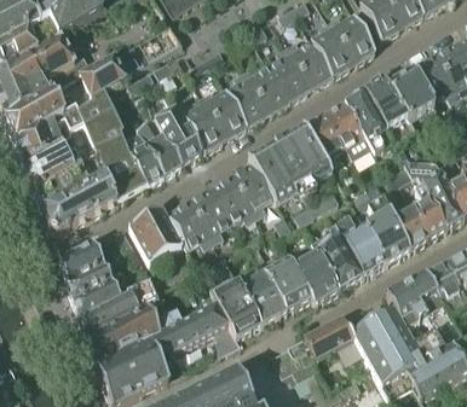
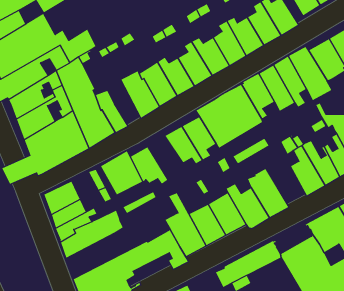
building: [138,117,181,175] -> none
building: [190,187,234,242] -> none
building: [336,217,387,275] -> none
building: [88,307,189,365] -> none

